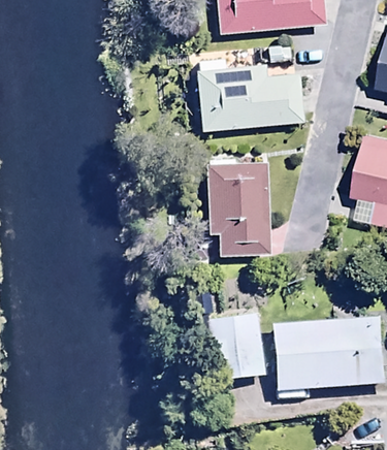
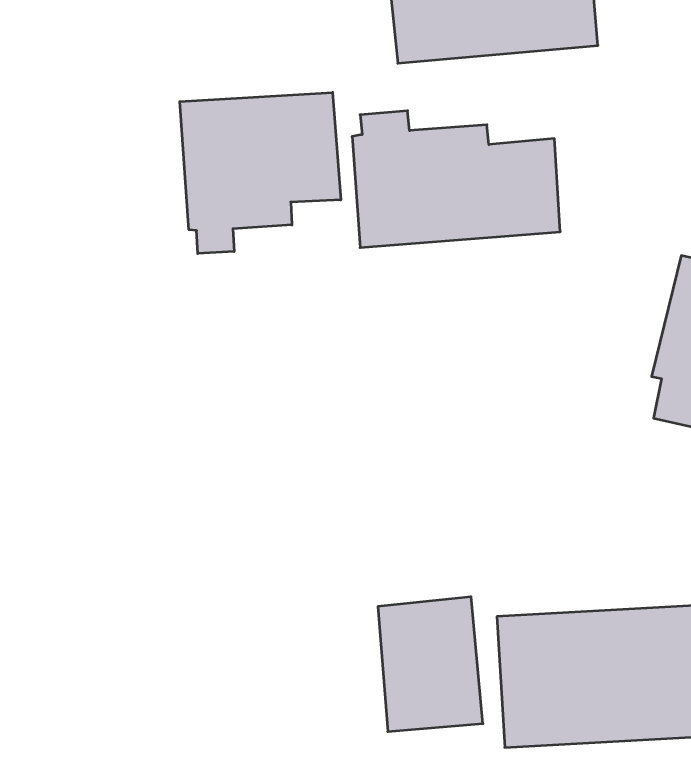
building: none -> [180,92,341,254]
building: [206,158,270,254] -> none

